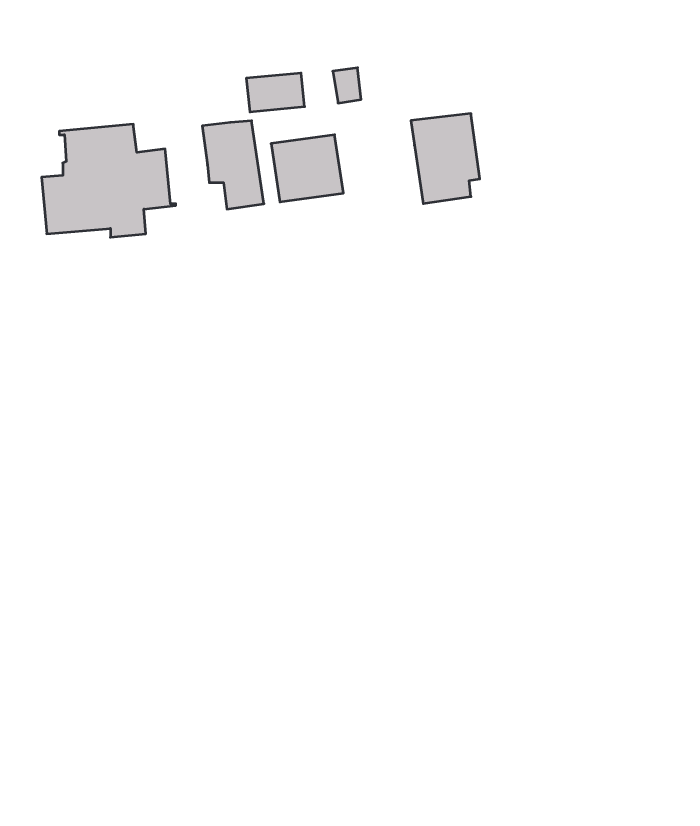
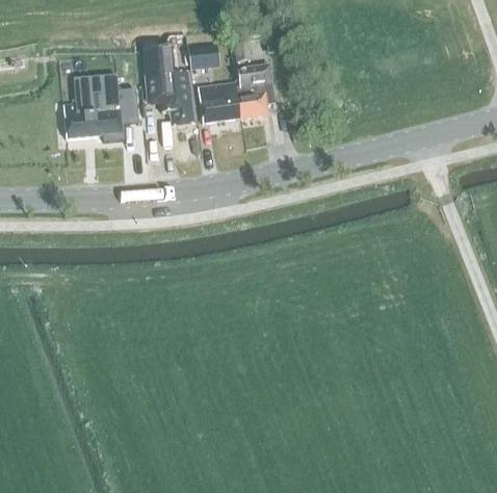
building: none -> [143,45,175,100]
building: [411,114,480,204] -> [234,62,274,115]

